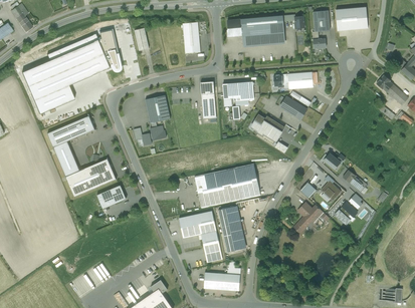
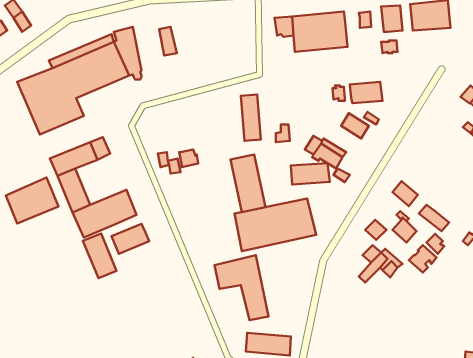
building: [183,21,201,53] -> none
building: [223,81,254,98] -> [291,163,330,184]
building: [145,94,170,122] -> none
building: none -> [6,178,59,223]
building: none -> [83,234,117,278]
building: [218,206,246,252] -> [230,154,266,212]

